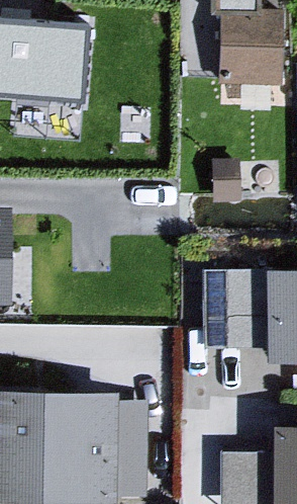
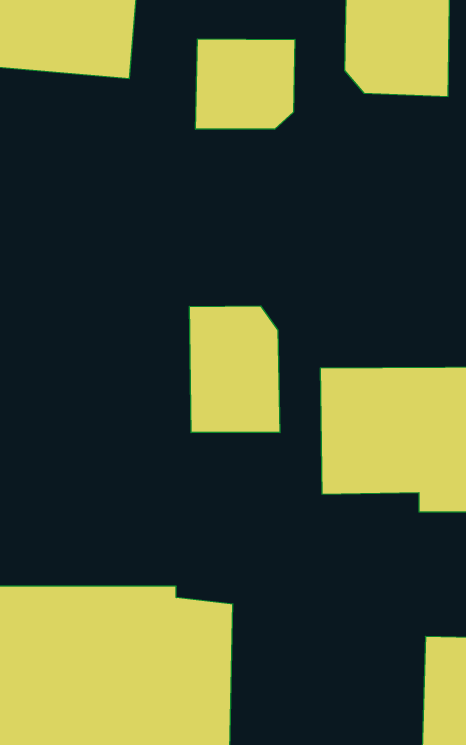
building: none -> [196,39,295,129]
building: none -> [189,306,280,433]

